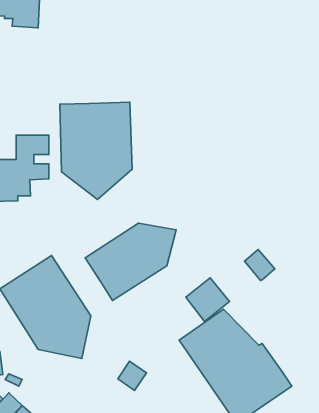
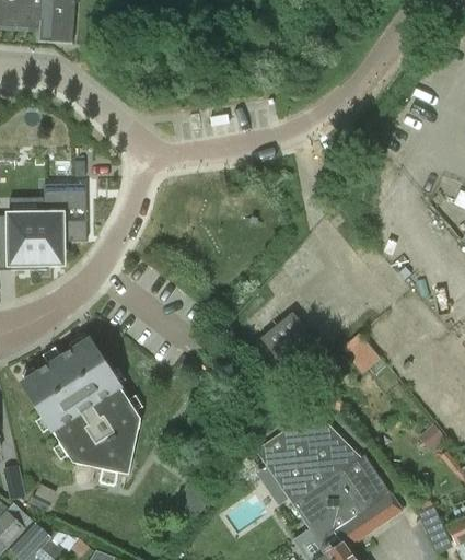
building: [60,102,132,200] -> none
building: [85,223,176,301] -> none
building: [186,278,230,321] -> [260,313,317,370]

